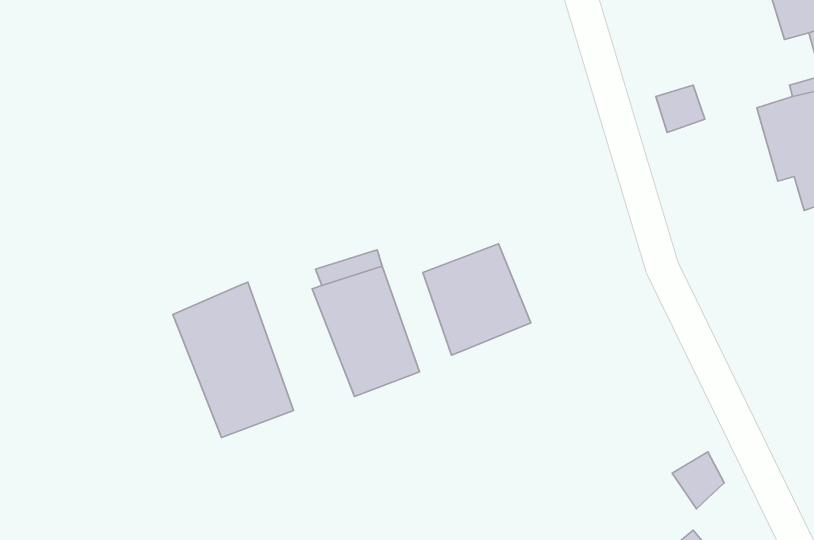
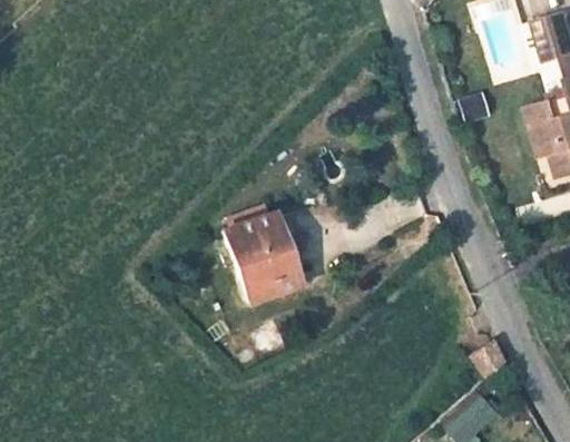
building: [423,244,531,355] -> none
building: [173,282,294,438] -> none

